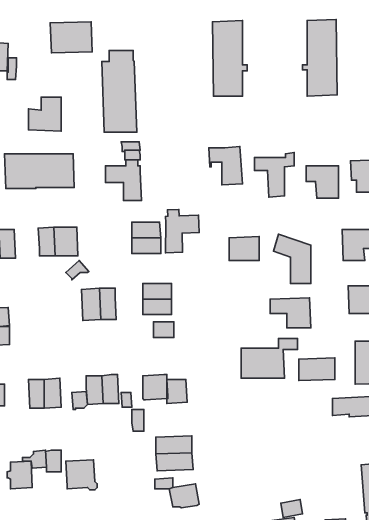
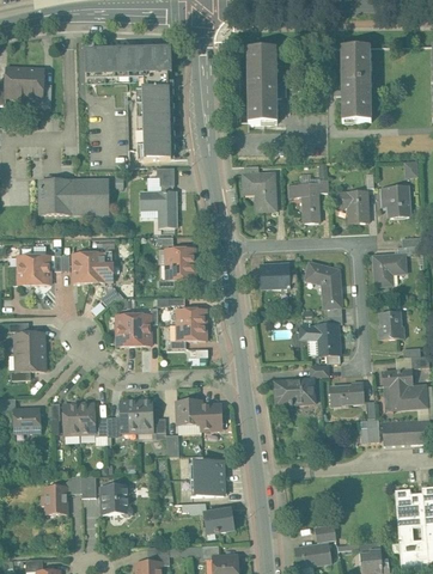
building: none -> [126,47,171,78]
building: [28,97,61,131] -> none
building: [165,210,199,253] -> none

